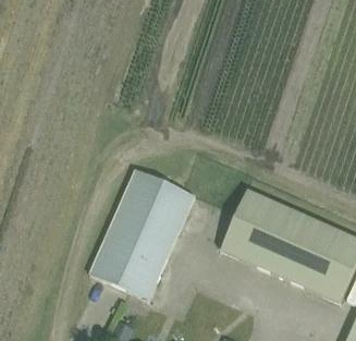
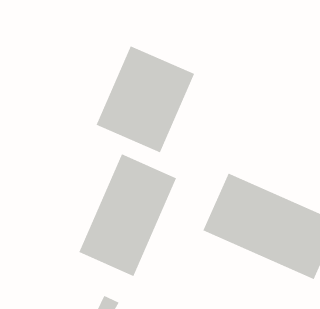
building: none -> [96,45,195,153]

